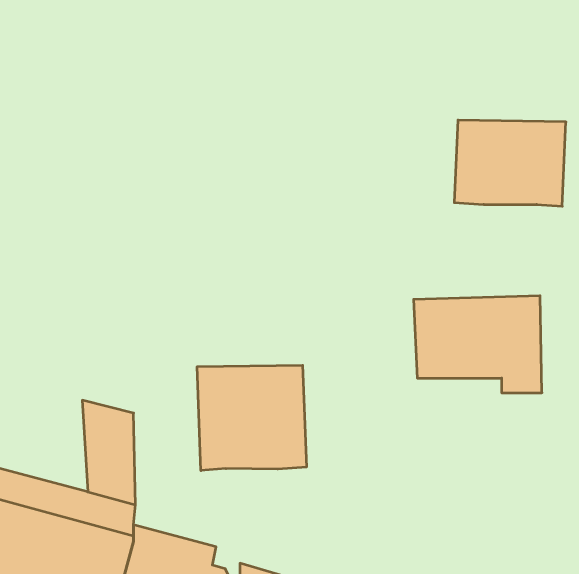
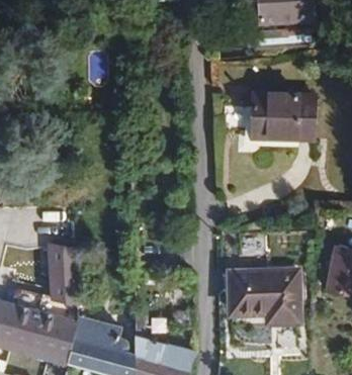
building: [414,296,542,393] -> [230,270,300,323]
building: [197,365,306,471] -> none

